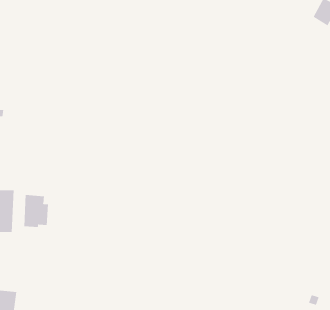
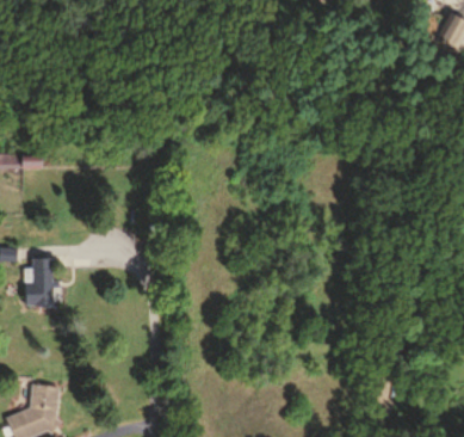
building: [24,194,49,228] -> none

